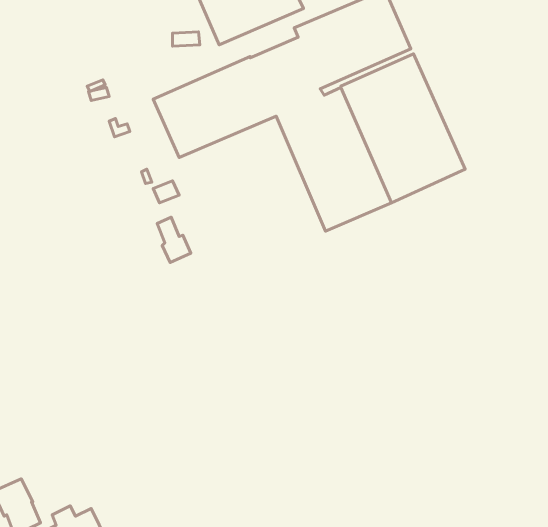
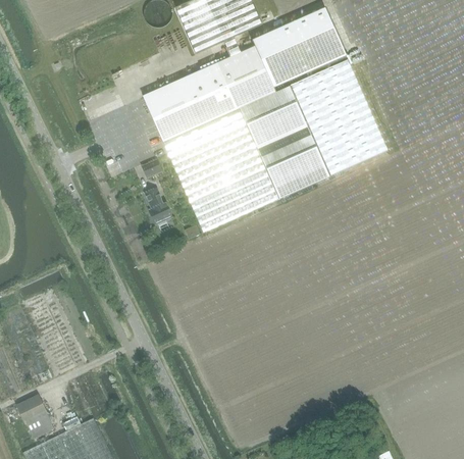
building: none -> [163,108,278,232]

